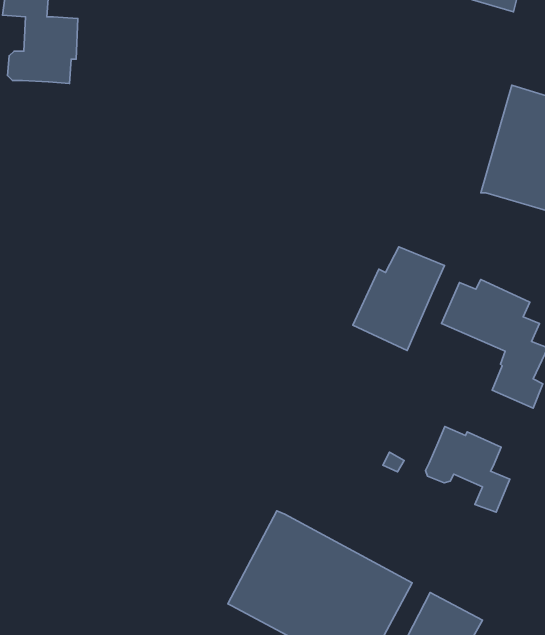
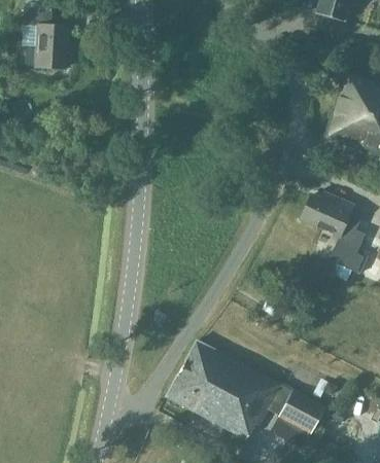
building: [353,247,445,350] -> none
building: [425,427,510,512] -> none

